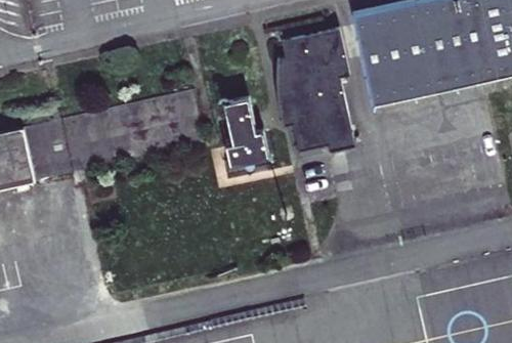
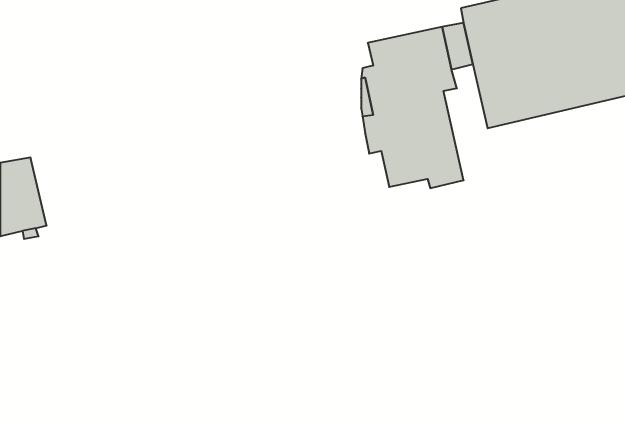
building: [28,89,206,178] -> none
building: [223,95,271,169] -> none

